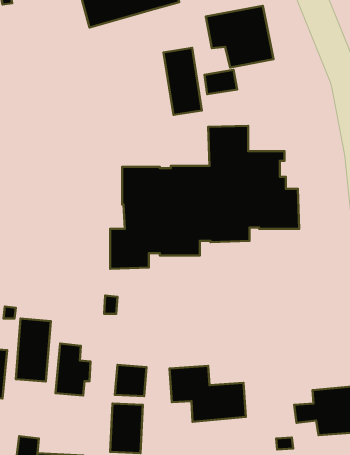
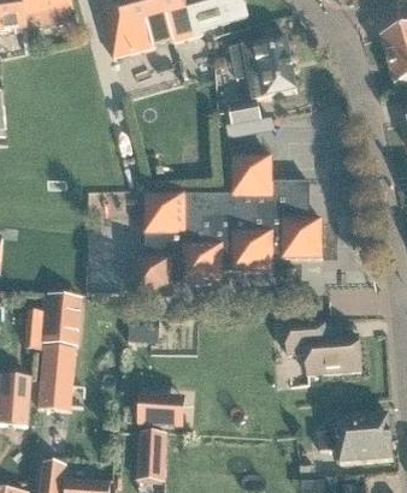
building: [163,48,202,115] -> none
building: [55,343,91,396] -> [45,292,79,344]
building: [170,366,246,422] -> [284,317,360,373]

